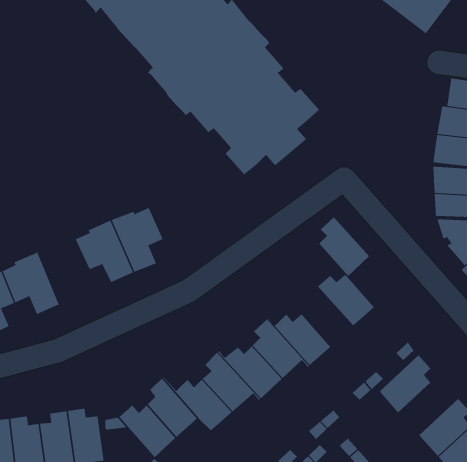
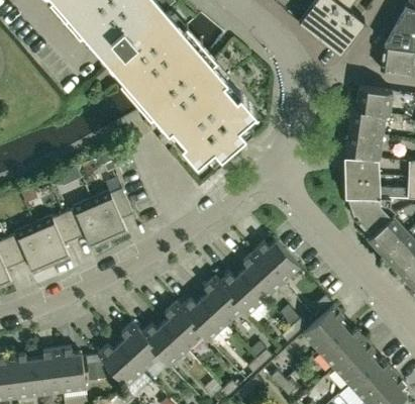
building: [319,217,370,277] -> [241,251,282,299]
building: none -> [33,214,74,266]
building: none -> [317,327,365,369]

